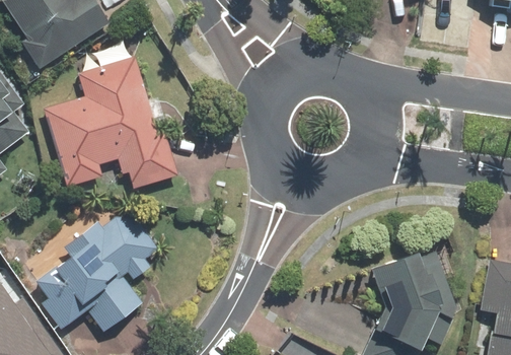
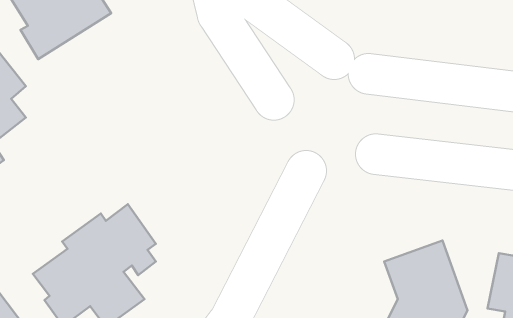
building: [48,59,179,187] -> none

